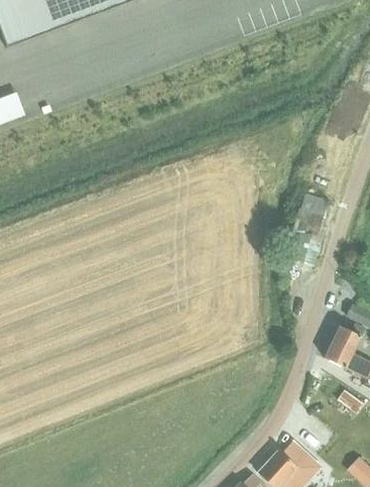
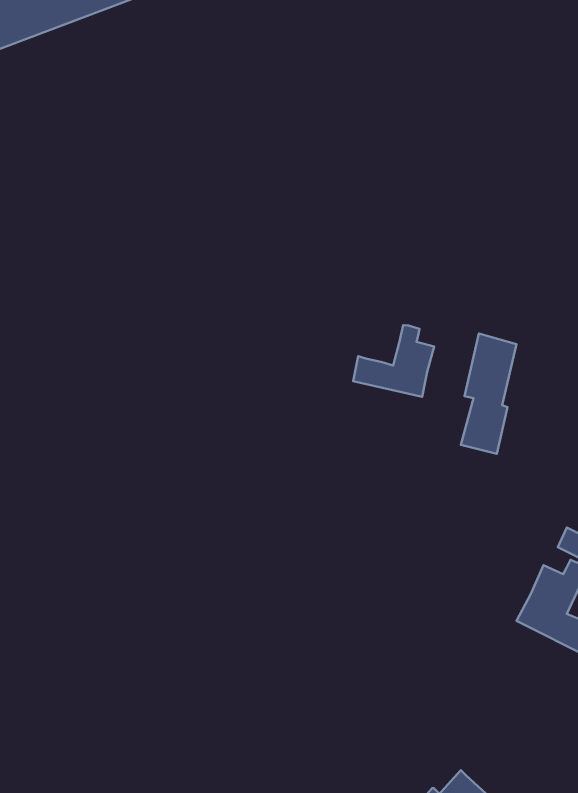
building: none -> [353,325,434,397]

